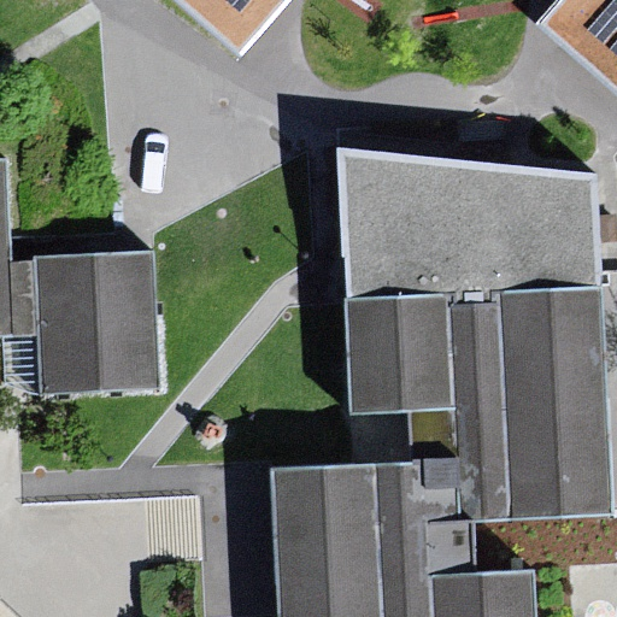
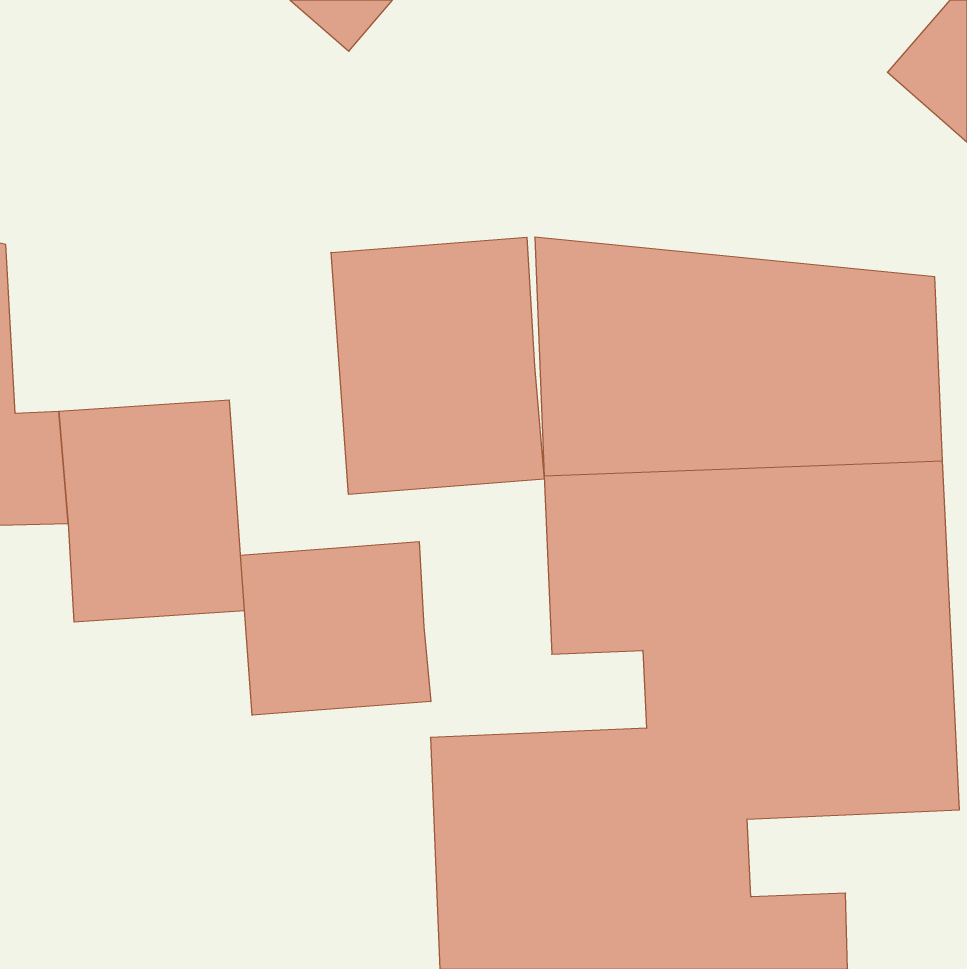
building: none -> [331,237,544,494]
building: none -> [241,542,431,715]

